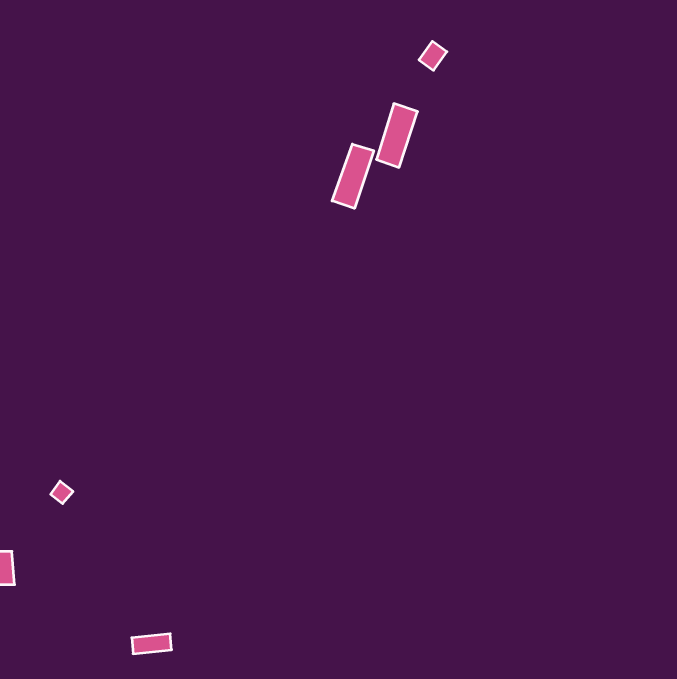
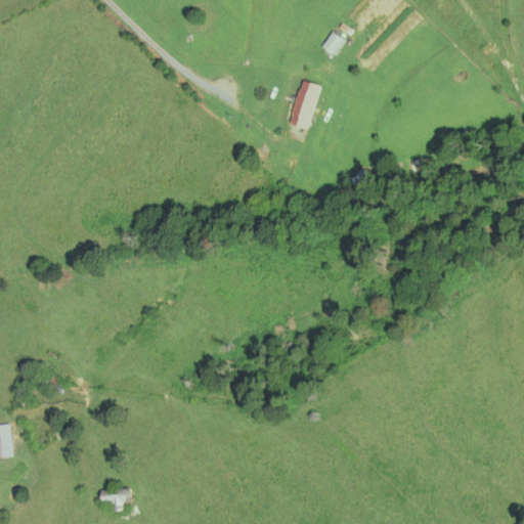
building: [332,144,374,208] -> none

